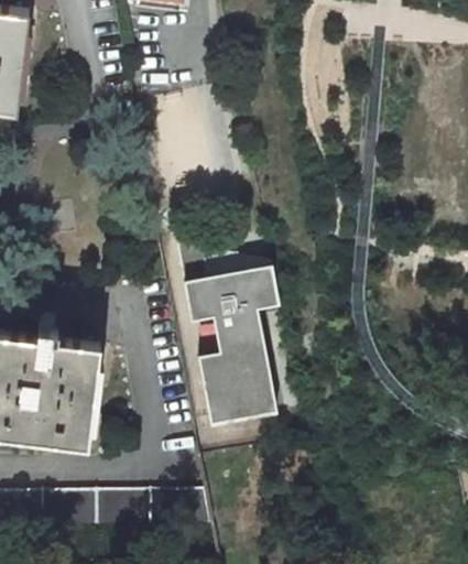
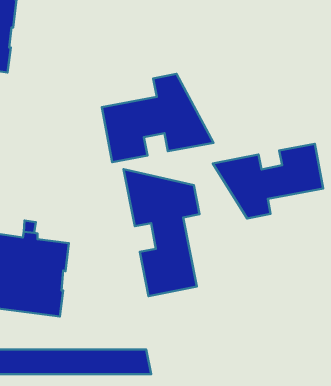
building: none -> [102,74,213,162]
building: none -> [213,144,323,218]

